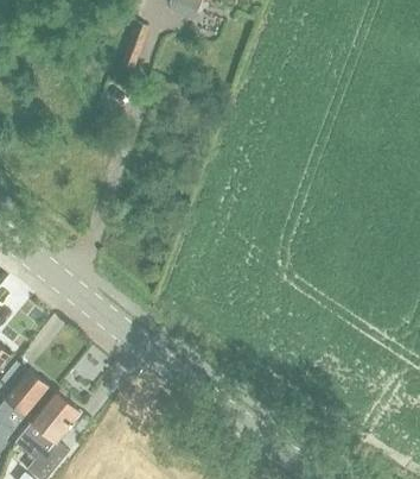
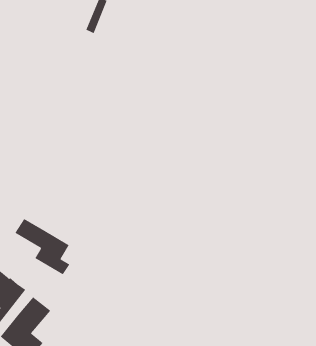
building: none -> [15,218,70,275]

